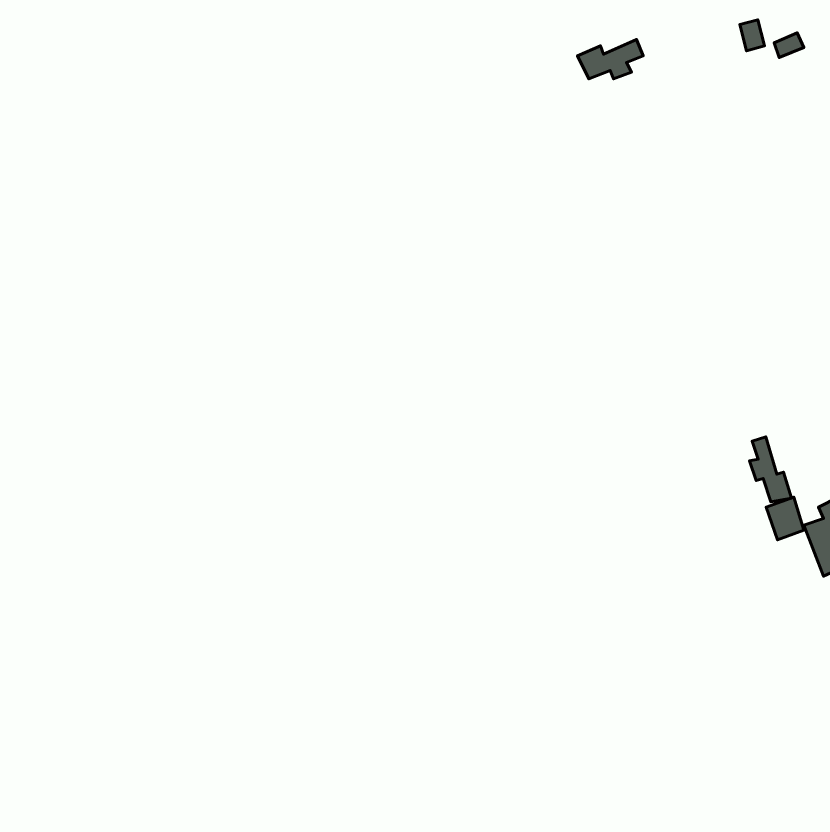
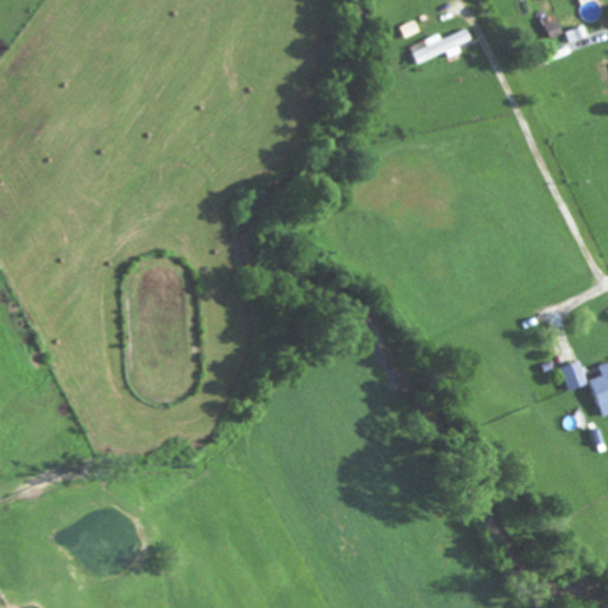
building: [749,437,791,502] -> none

